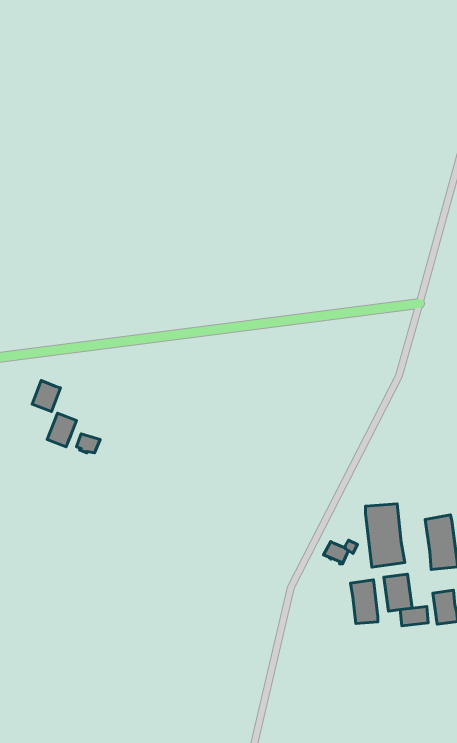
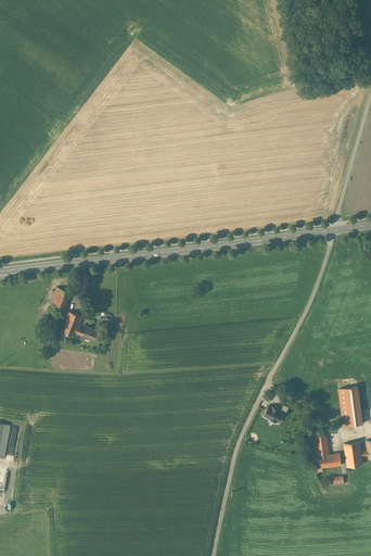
building: [365,504,405,567] -> none
building: [351,580,378,623] -> none

